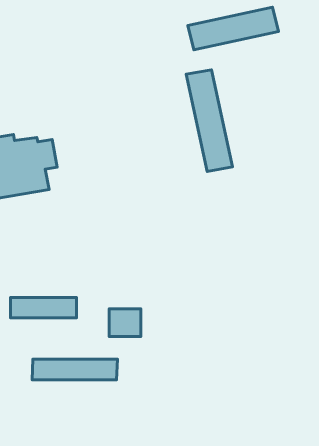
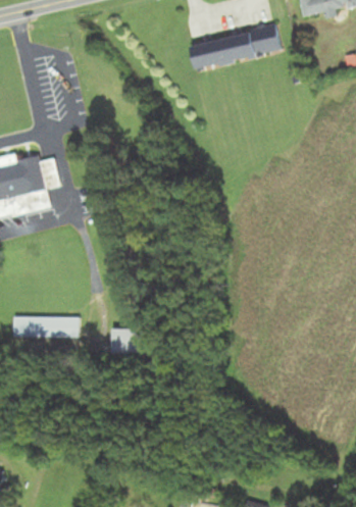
building: [186,70,232,171] -> none
building: [32,359,117,380] -> none

